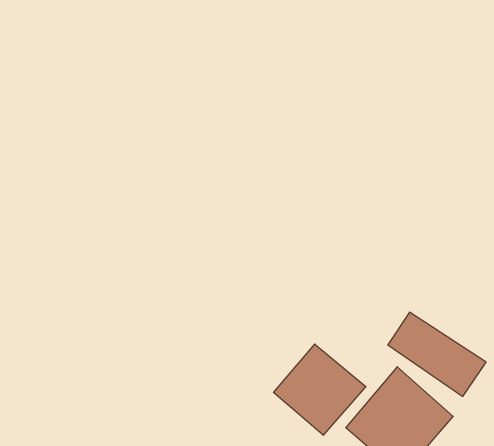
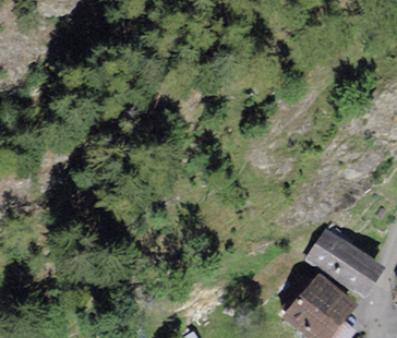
building: [274,344,366,435] -> none

